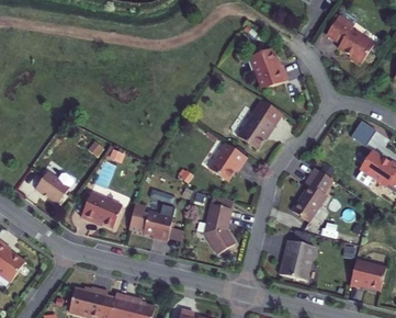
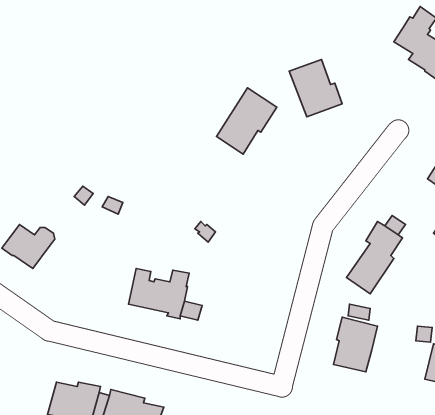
building: [237,100,282,149] -> [217,88,277,154]
building: [208,143,247,181] -> none
building: [80,192,122,227] -> none
building: [203,203,235,253] -> none

